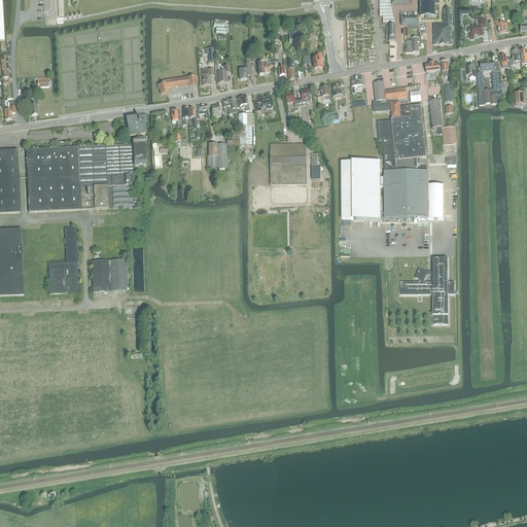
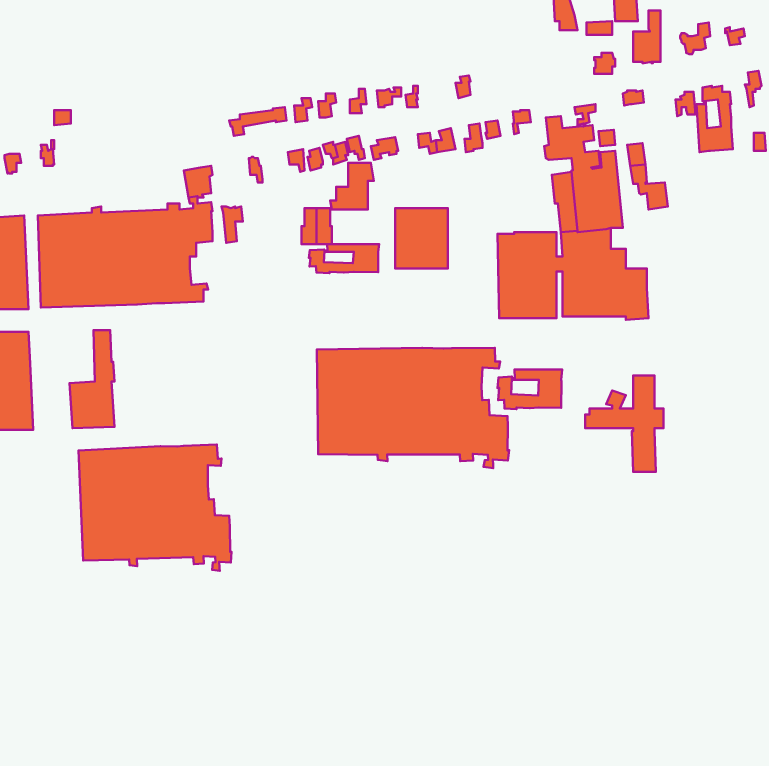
building: none -> [309,244,379,273]
building: none -> [317,348,509,468]
building: none -> [498,369,562,409]
building: [92,258,127,290] -> none
building: none -> [79,445,231,571]

